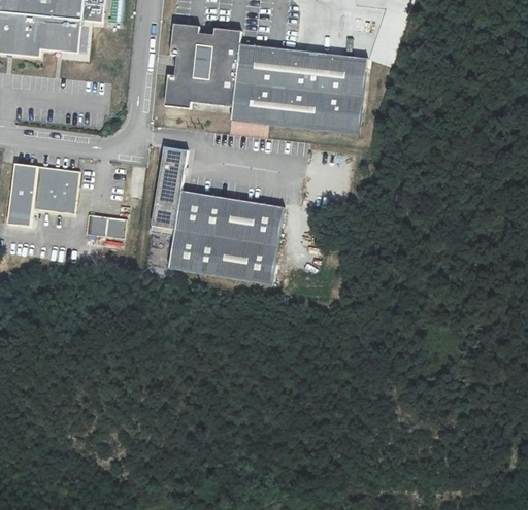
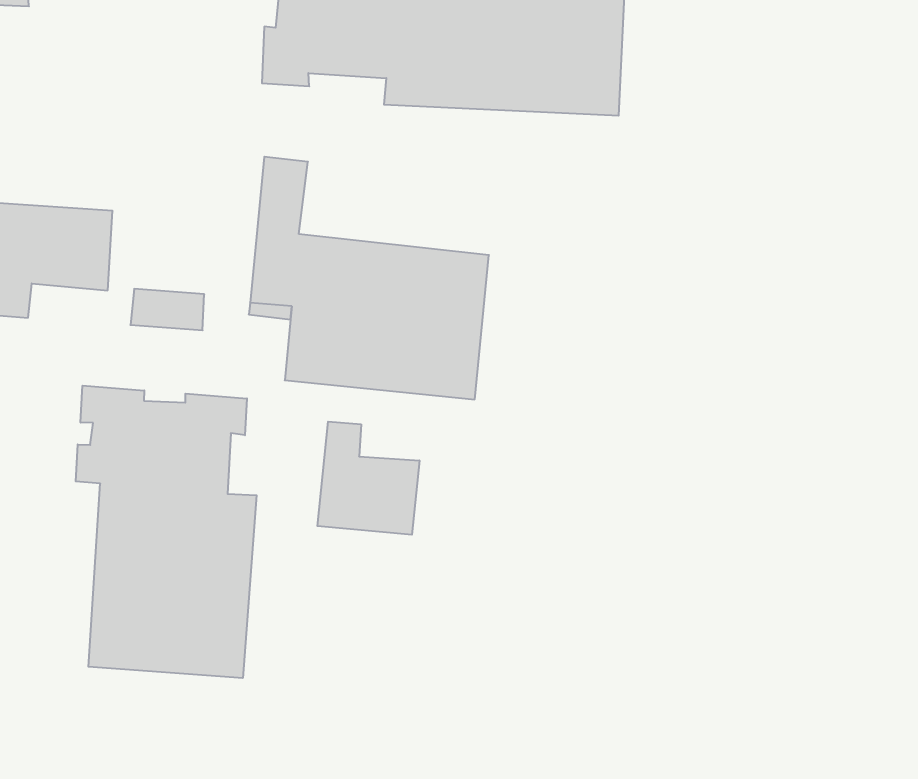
building: none -> [76,386,257,678]
building: none -> [317,422,419,535]

